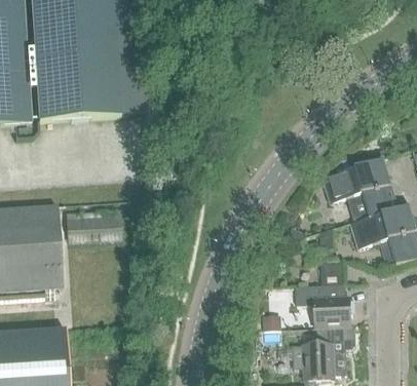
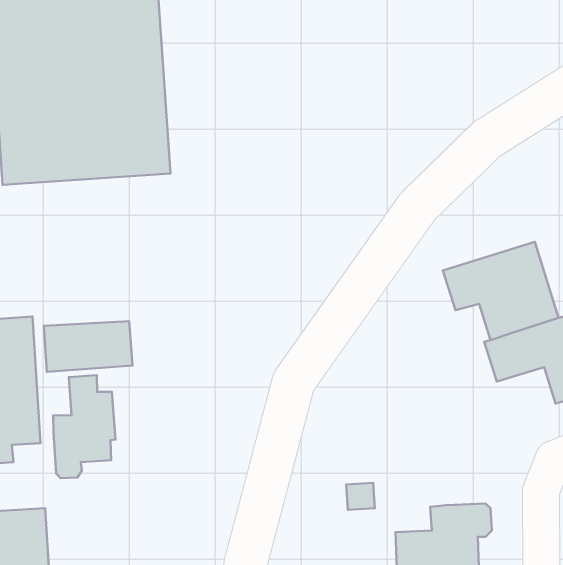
building: none -> [53,375,115,478]
building: [296,283,351,329] -> none

